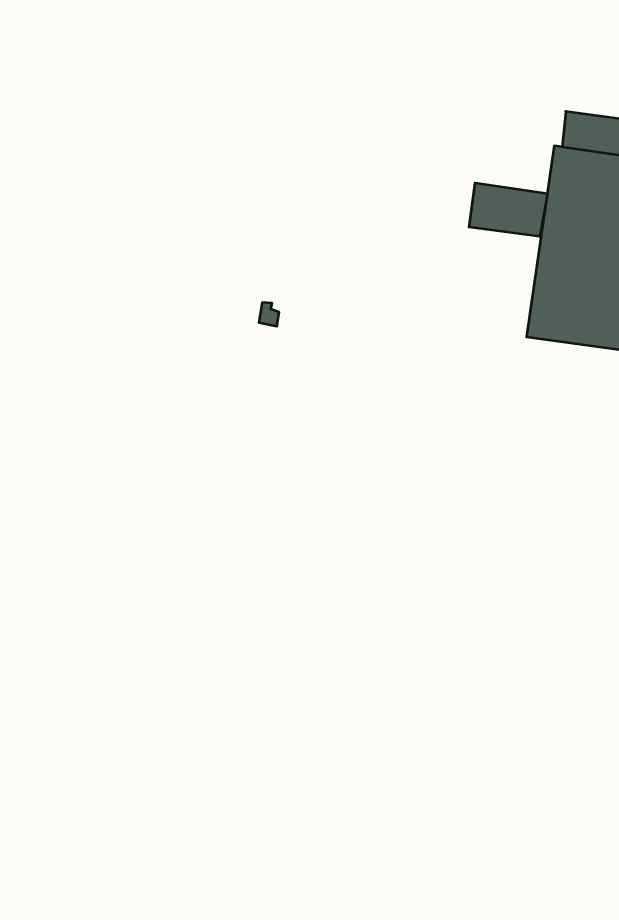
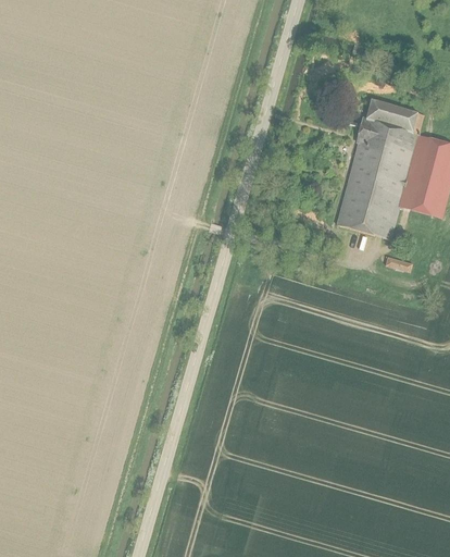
building: [469,183,547,237] -> none

